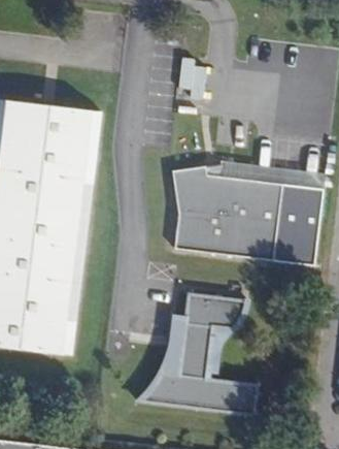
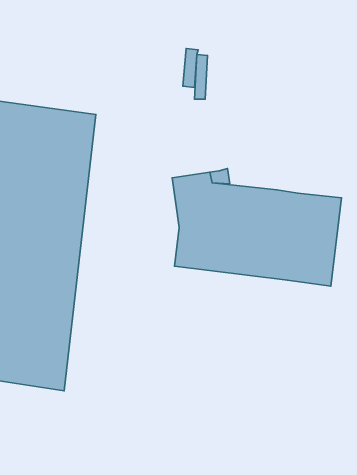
building: [139,293,258,415] -> none

